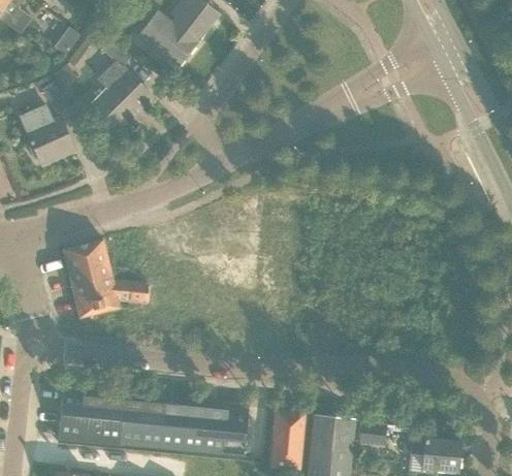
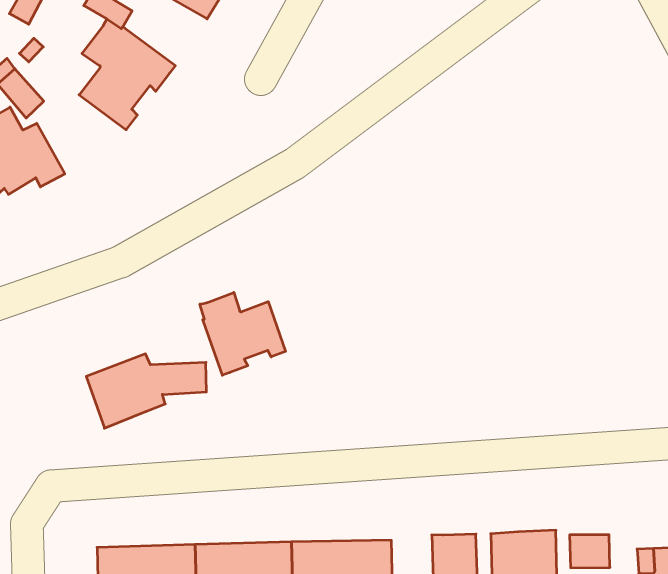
building: [63,239,110,283] -> none
building: none -> [200,292,286,375]

